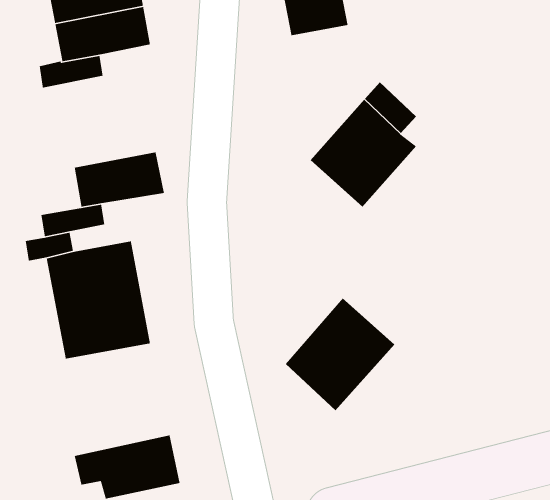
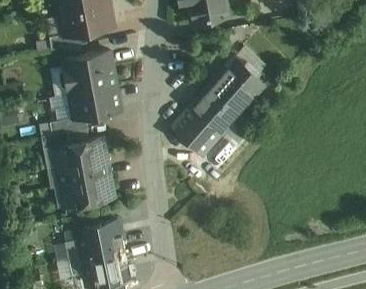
building: none -> [63,52,117,96]
building: [285,297,395,411] -> [172,92,235,157]
building: none -> [67,221,125,261]

